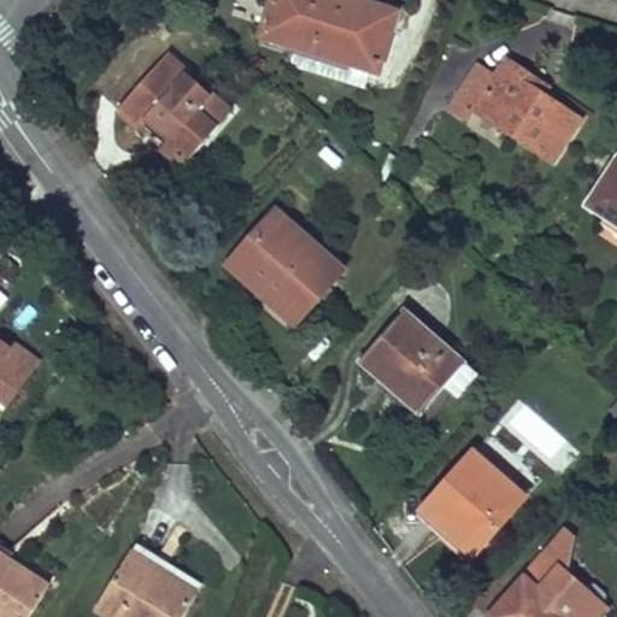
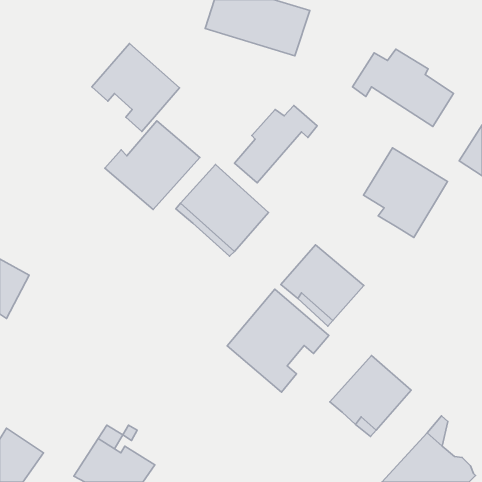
building: none -> [235,106,317,183]
building: none -> [105,121,200,210]
building: none -> [363,148,447,238]
building: none -> [227,289,329,392]

